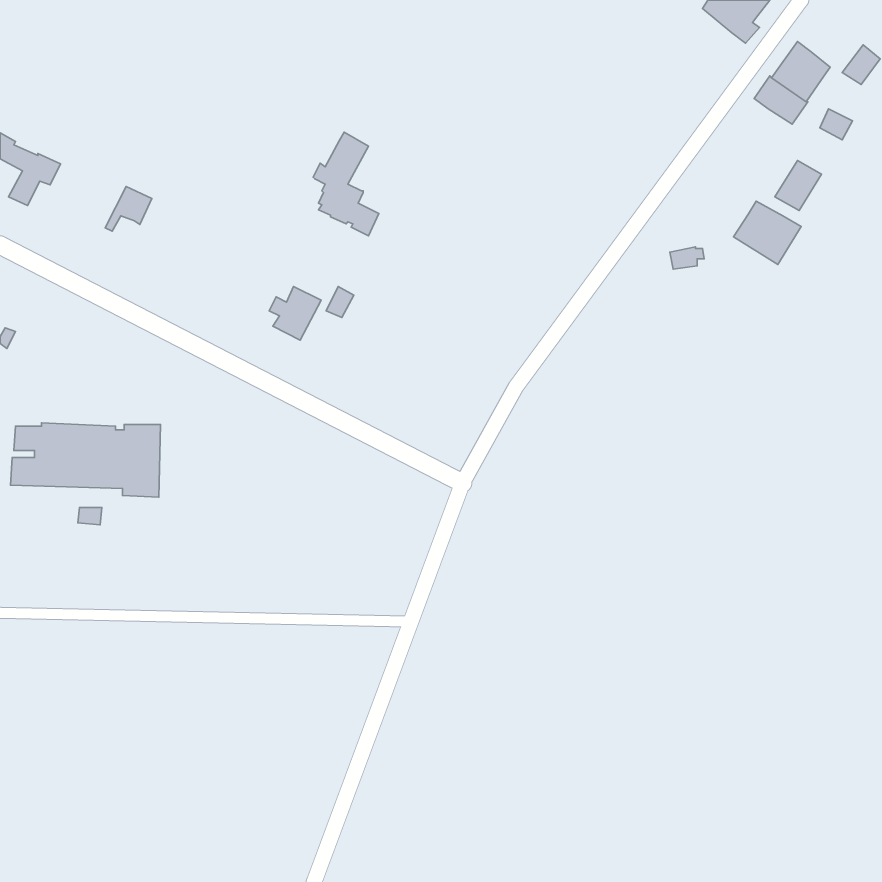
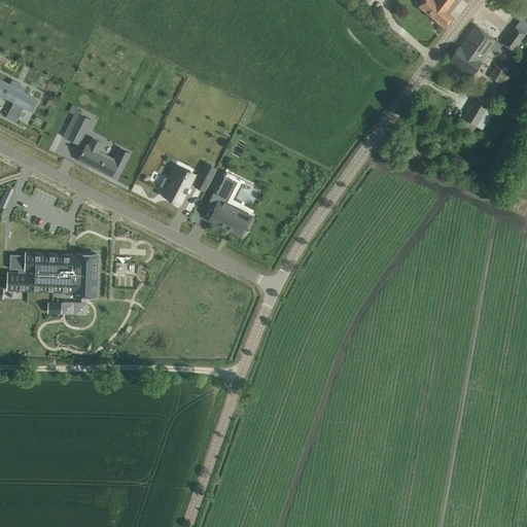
building: [313,132,379,236] -> [209,173,248,235]
building: [734,201,801,265] -> none
building: none -> [78,137,127,176]

